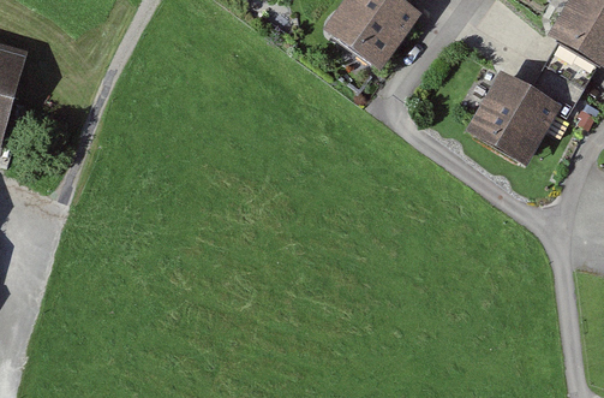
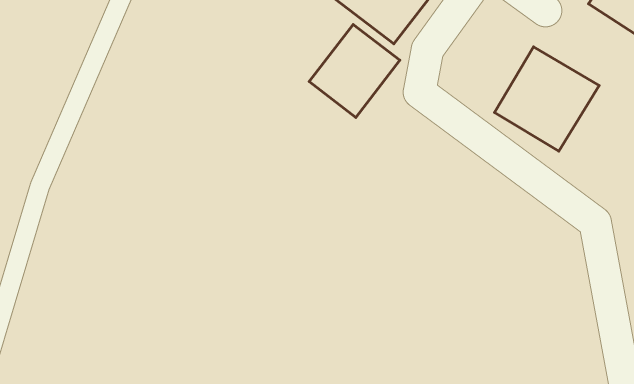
building: none -> [309,25,400,117]

